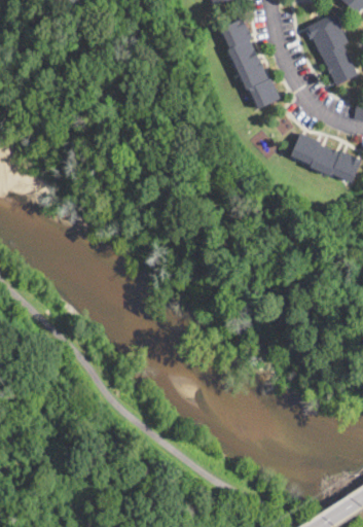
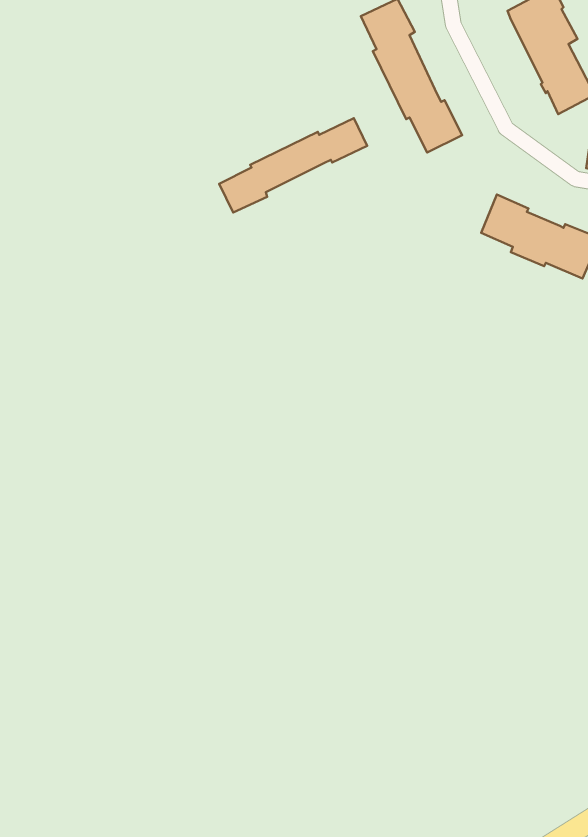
building: none -> [219,118,367,212]

